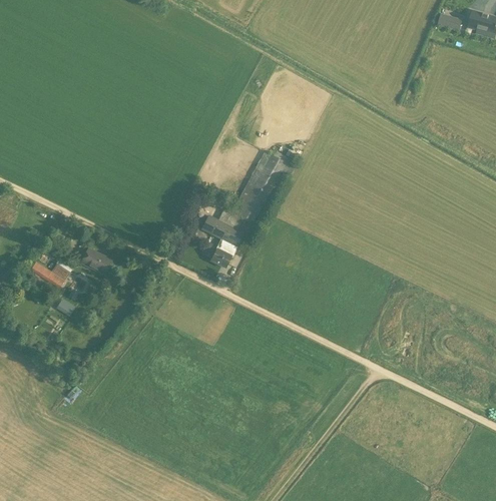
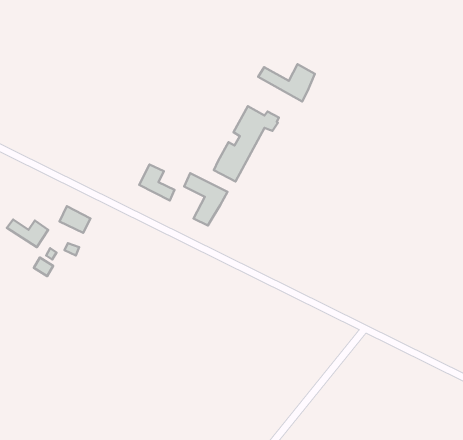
building: none -> [258,64,315,102]
building: none -> [139,165,174,200]

